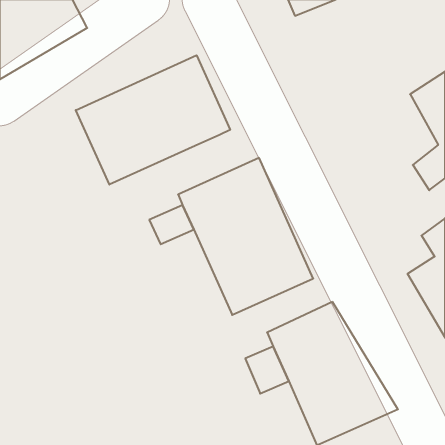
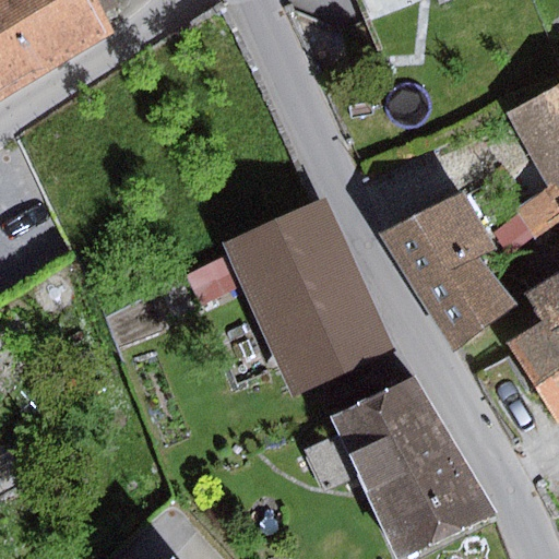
building: [76,55,230,185] -> none
building: none -> [384,192,514,350]

